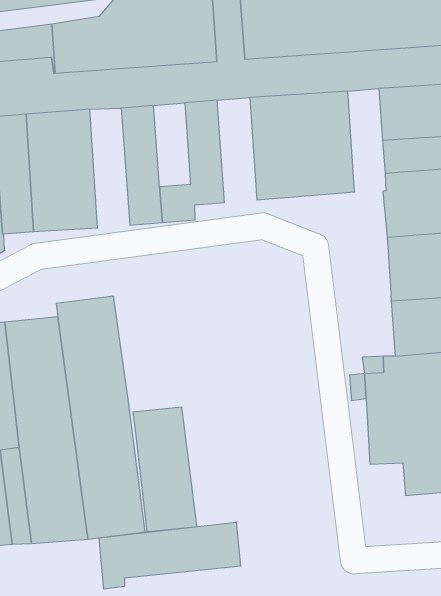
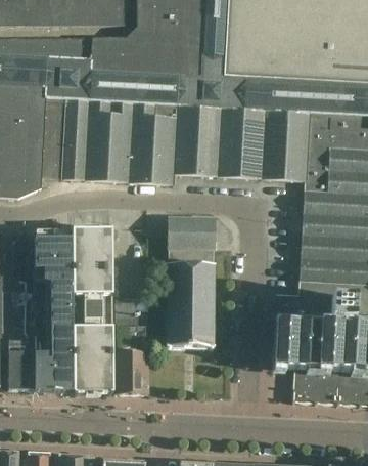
building: none -> [284,110,310,181]
building: none -> [194,104,221,176]
building: none -> [151,102,176,160]
building: none -> [105,99,132,182]
building: none -> [166,216,214,348]
building: [99,522,241,589] -> none

